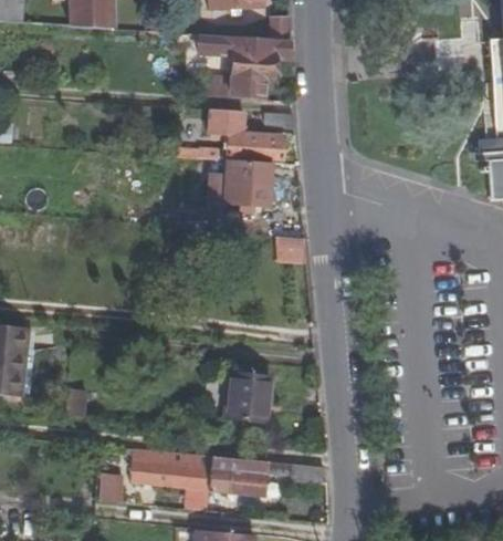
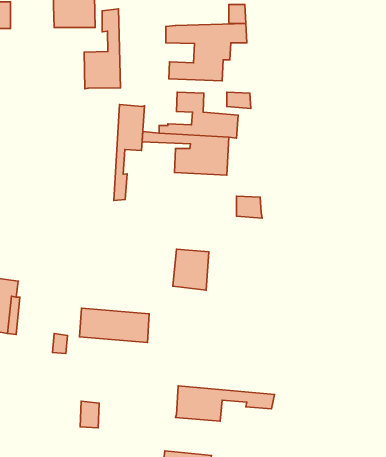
building: none -> [84,9,121,89]
building: none -> [114,104,144,200]
building: [227,373,269,420] -> [173,249,209,290]
building: [132,448,212,488] -> [80,308,149,343]

